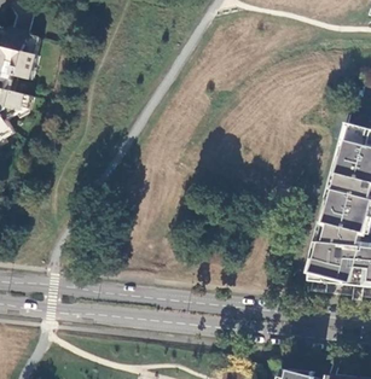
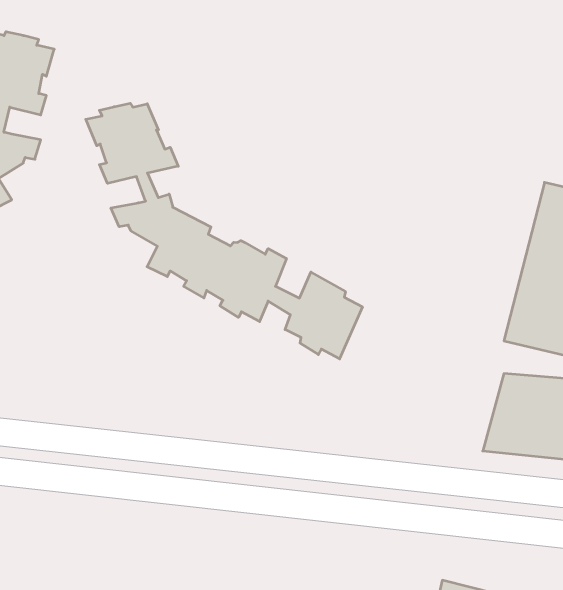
building: none -> [86,103,362,359]

